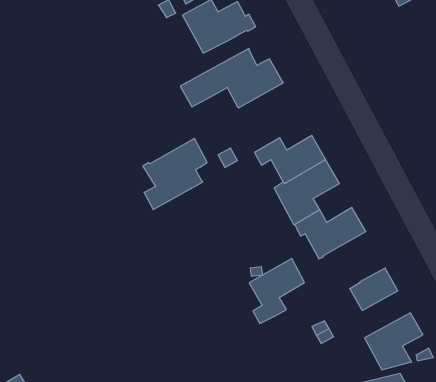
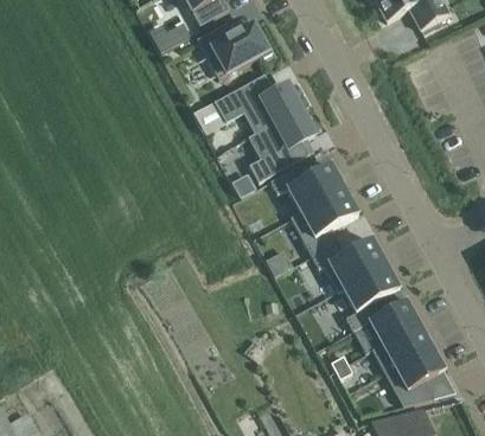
building: [143,139,207,209] -> [248,108,314,181]
building: [249,258,304,324] -> [343,262,400,329]
building: none -> [372,323,433,372]

